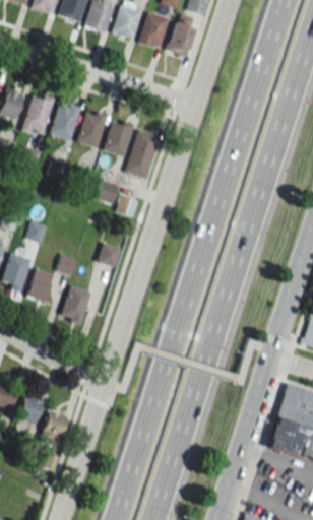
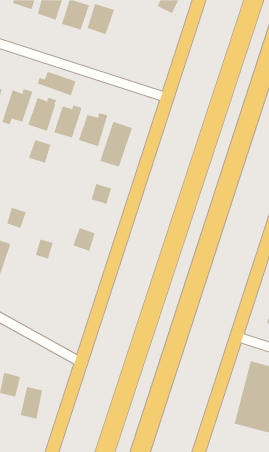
building: [140,13,171,47] -> none
building: [167,23,197,57] -> none
building: none -> [37,71,76,96]
building: [97,180,121,205] -> [28,140,51,164]
building: [30,270,54,302] -> none
building: [61,285,92,325] -> none

